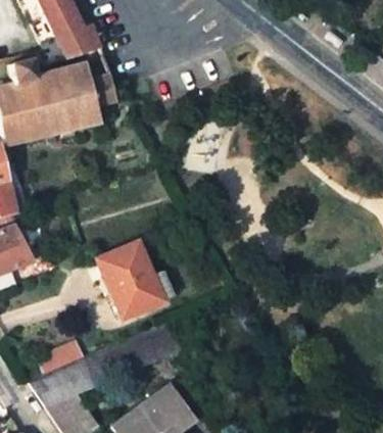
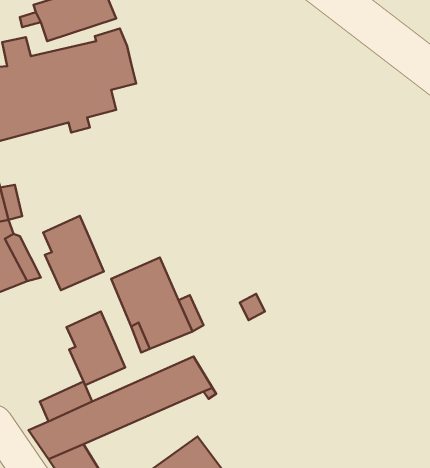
building: none -> [43,216,104,290]
building: none -> [67,311,125,385]

